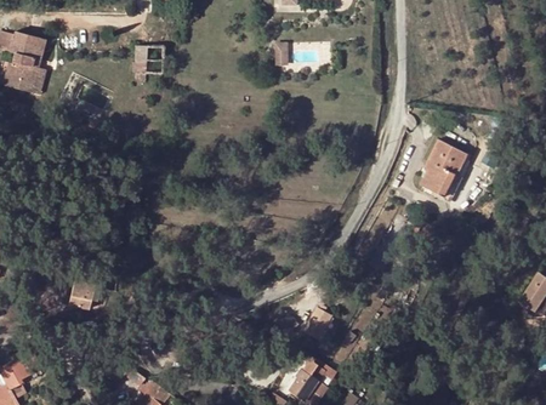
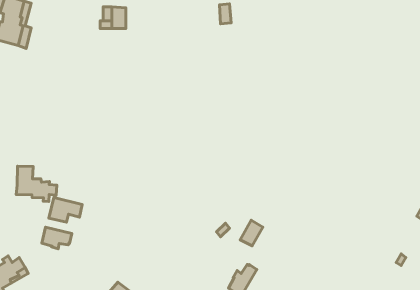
building: [421,139,468,196] -> none
building: none -> [16,166,57,201]
building: none -> [42,227,72,249]

